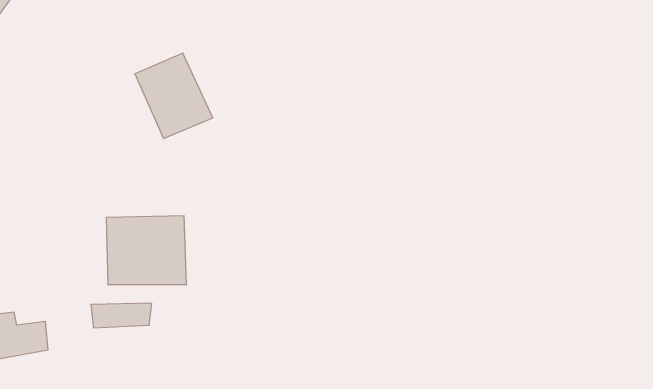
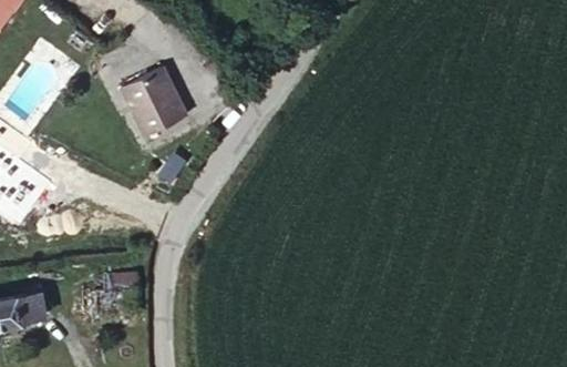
building: [106,216,186,285] -> none

